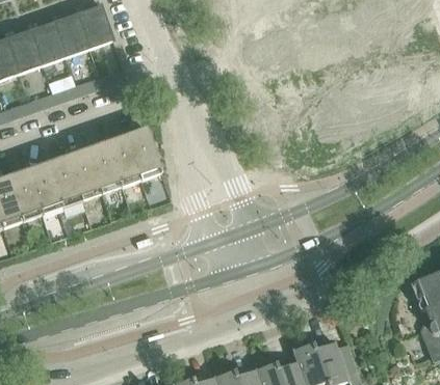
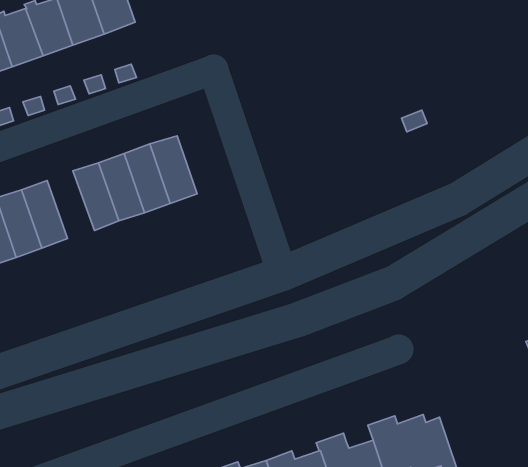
building: [46,154,82,205] -> none

